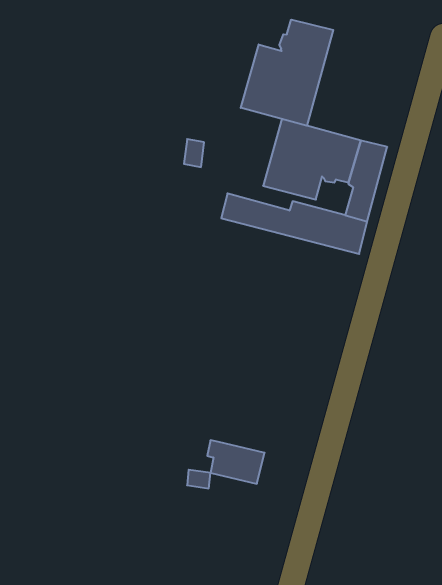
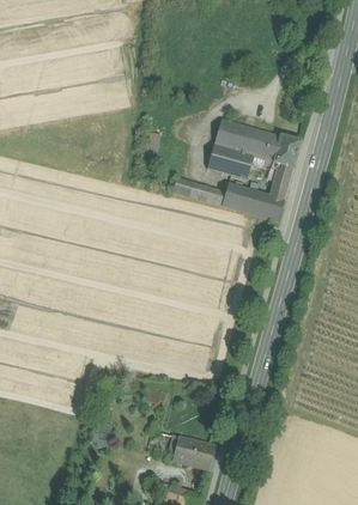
building: [241,20,333,126] -> none
building: [207,440,265,484] -> [170,437,214,470]

